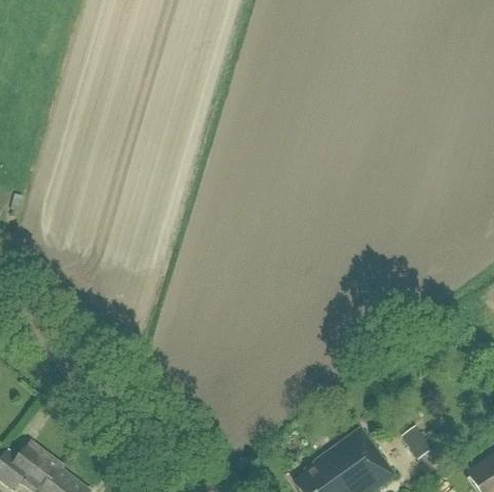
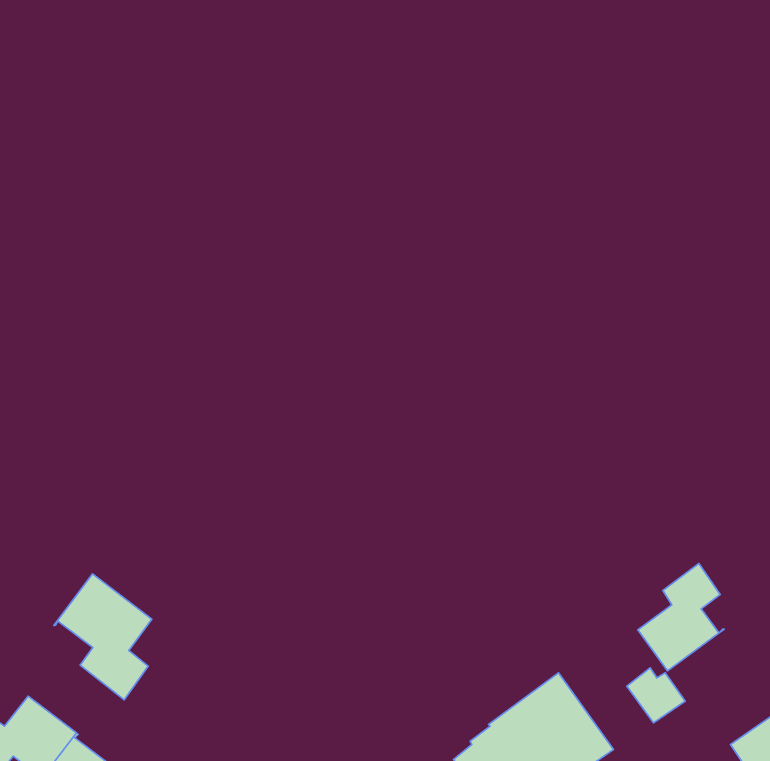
building: none -> [638,563,724,671]
building: none -> [54,574,152,700]

